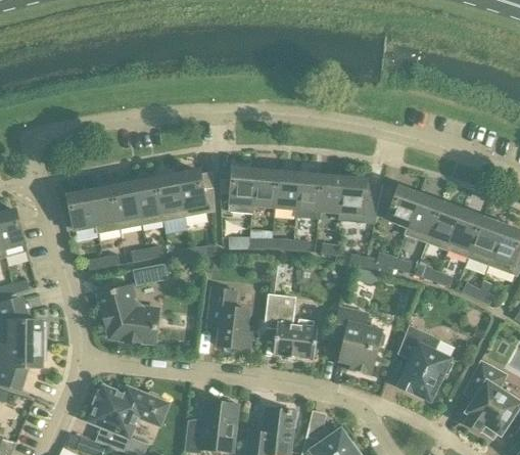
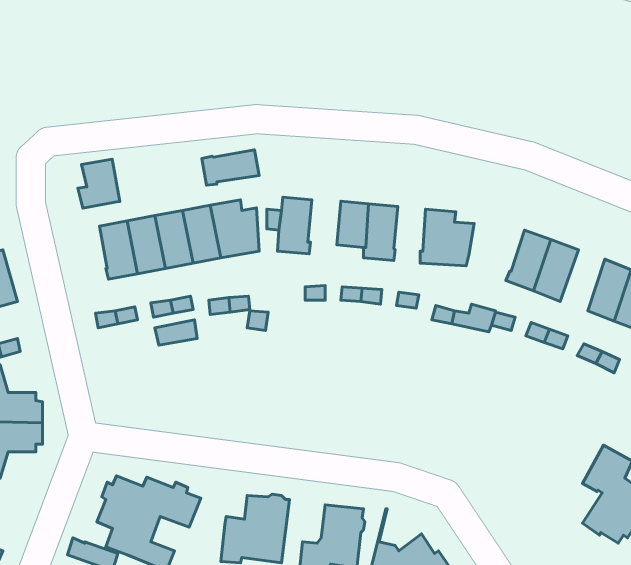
building: none -> [202,150,259,185]
building: [252,171,278,206] -> none
building: [319,176,343,211] -> none
building: [377,186,420,226] -> none
building: [64,191,97,229] -> [78,159,120,208]
building: [447,210,482,257] -> none
building: [99,284,159,342] -> none
building: [208,287,252,352] -> none
building: [265,293,318,358] -> none
building: [331,306,384,374] -> none
building: [396,324,453,399] -> none

